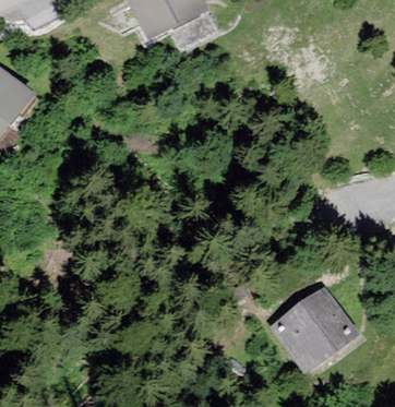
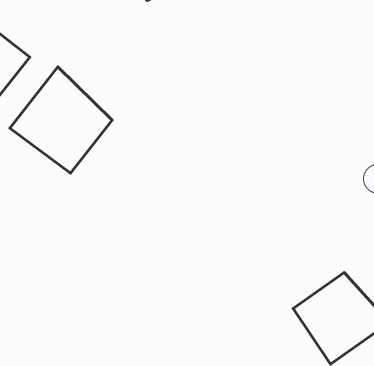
building: none -> [10,67,112,173]

